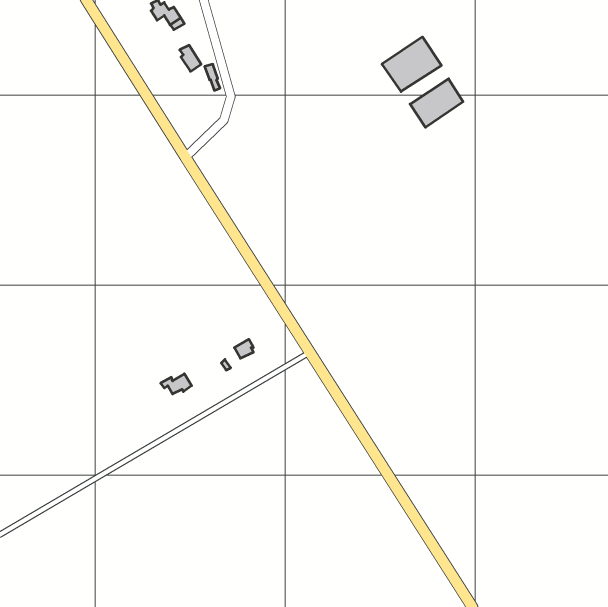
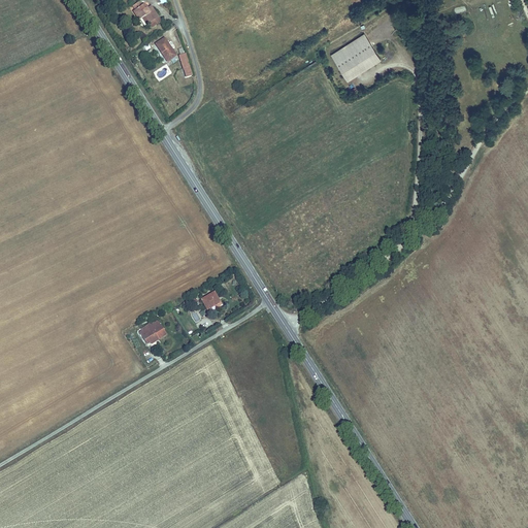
building: [410,79,463,127] -> none

